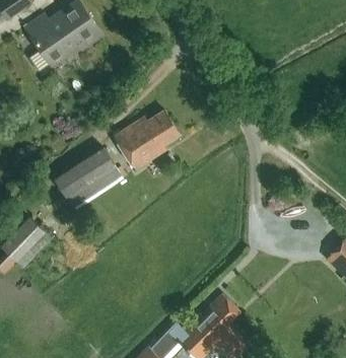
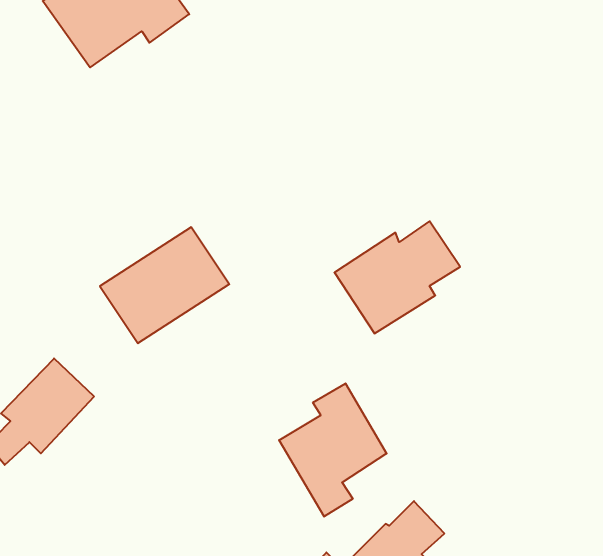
building: [112,110,179,169] -> [334,221,460,333]
building: none -> [279,383,387,517]

